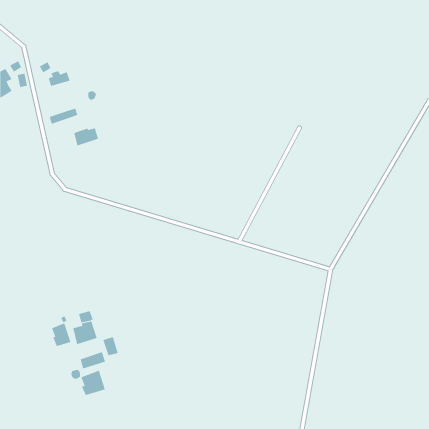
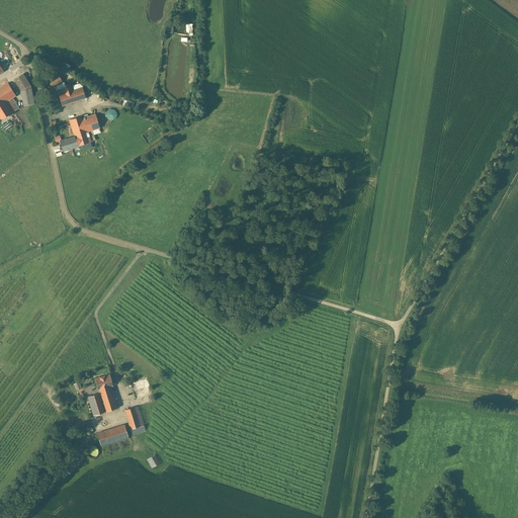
building: [74,128,99,146] -> [69,113,99,136]
building: [51,322,71,347] -> none
building: [81,370,105,396] -> none

